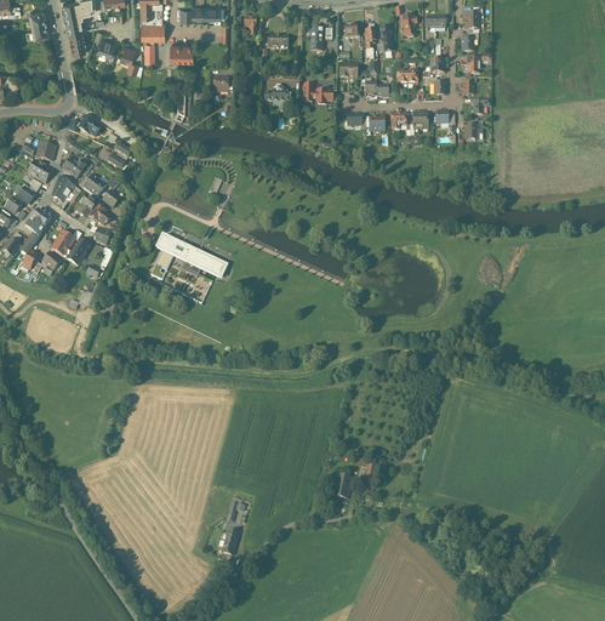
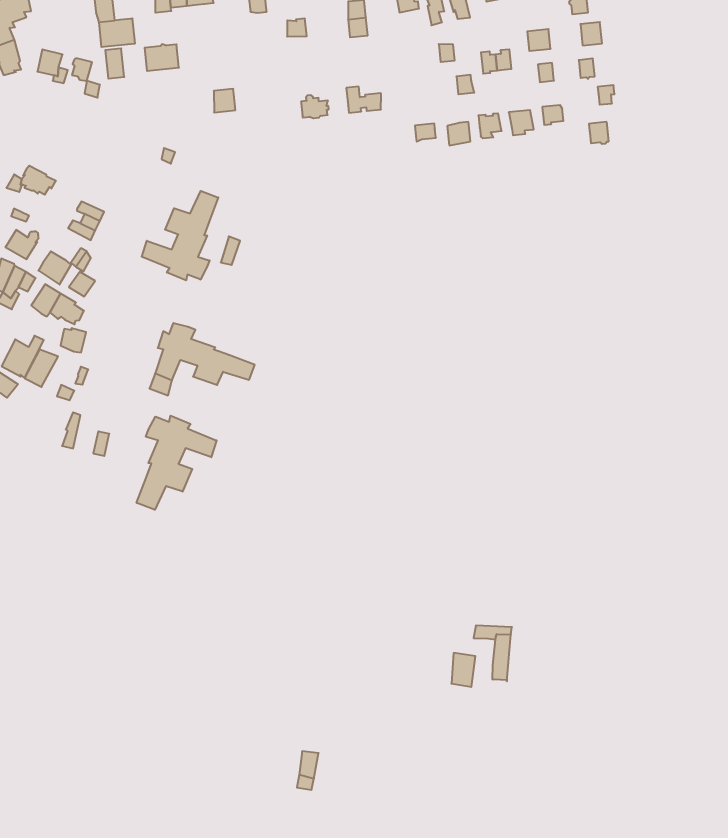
building: none -> [142,191,218,280]
building: none -> [137,416,217,510]

